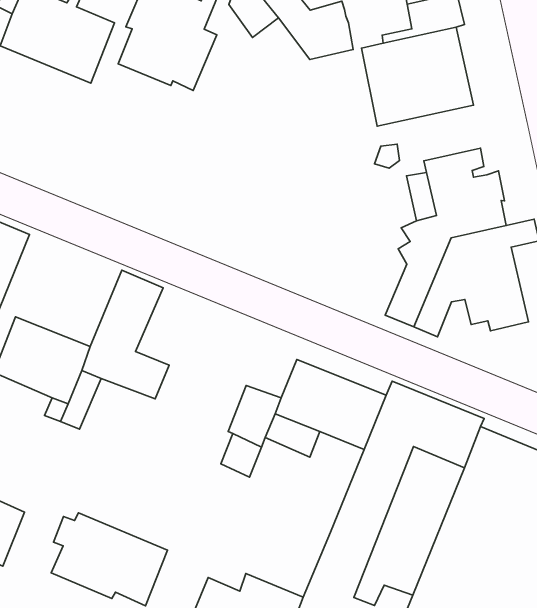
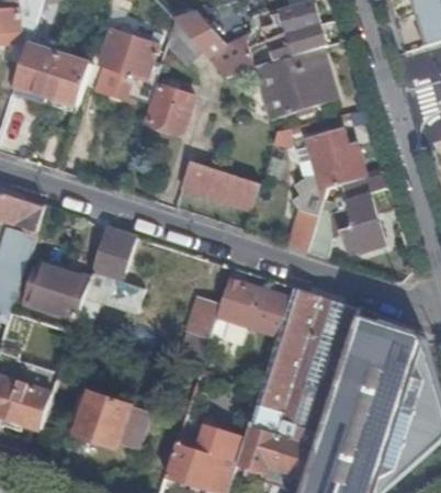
building: none -> [147,86,192,133]
building: none -> [180,160,259,211]

